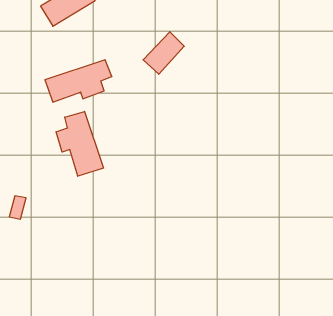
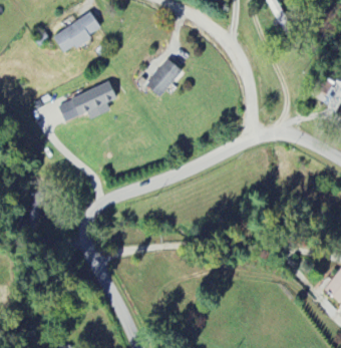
building: [56,111,103,176] -> none

